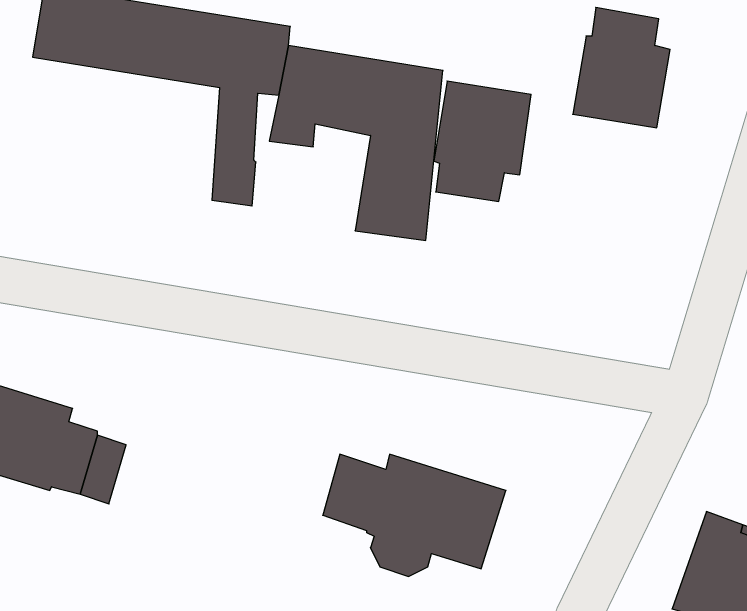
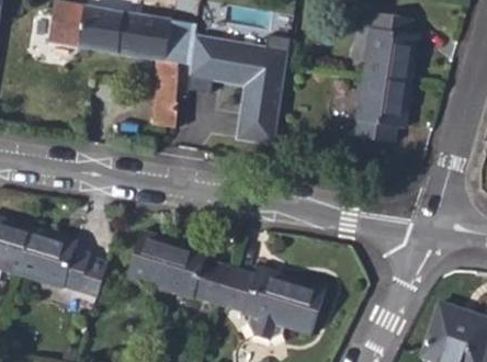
building: [434,81,531,201] -> [353,72,409,142]
building: none -> [124,233,227,303]

